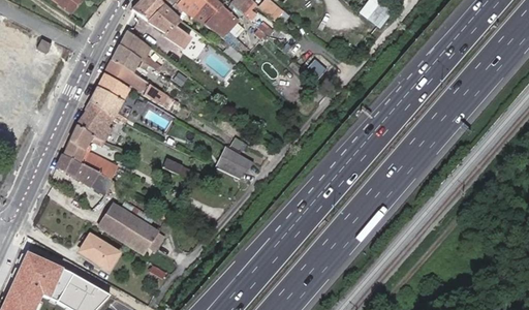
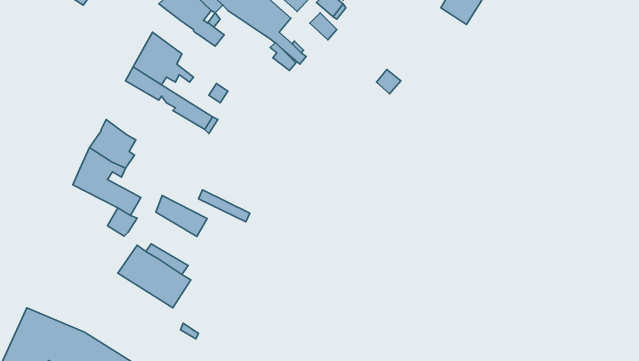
building: [89,79,130,123] -> none
building: [216,148,250,179] -> none
building: [57,154,98,187] -> [156,196,207,237]
building: [77,235,119,271] -> none

